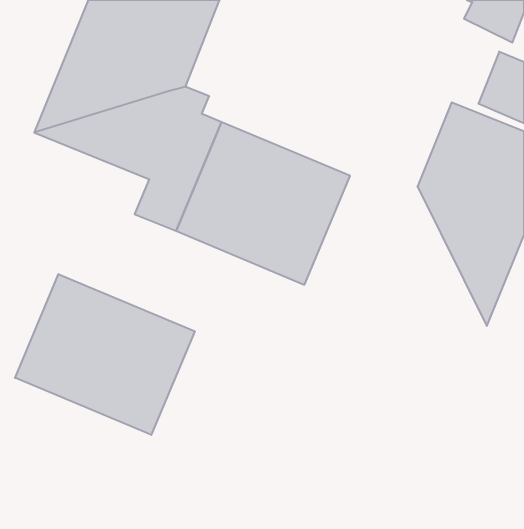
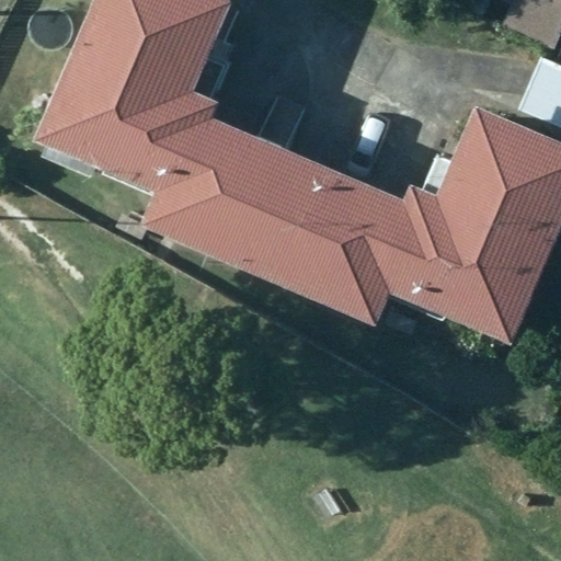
building: none -> [322,185,515,345]
building: [15,274,195,435] -> none

